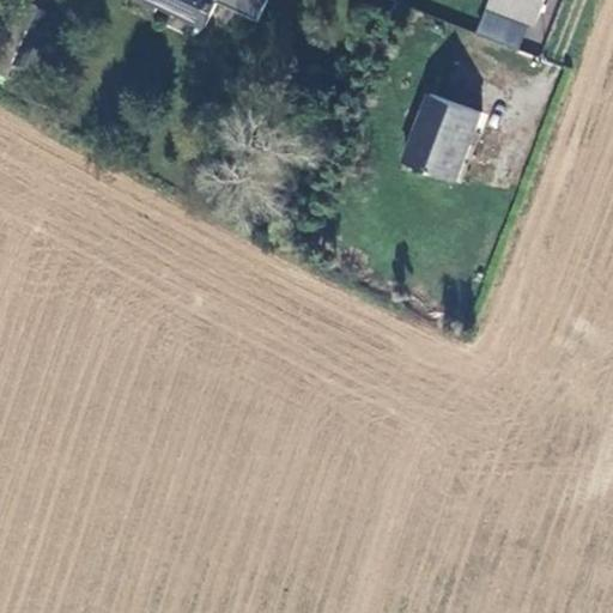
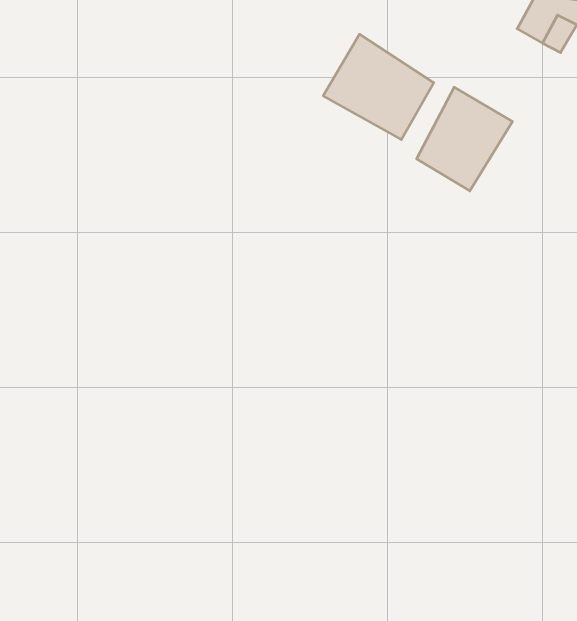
building: none -> [323,34,434,140]

